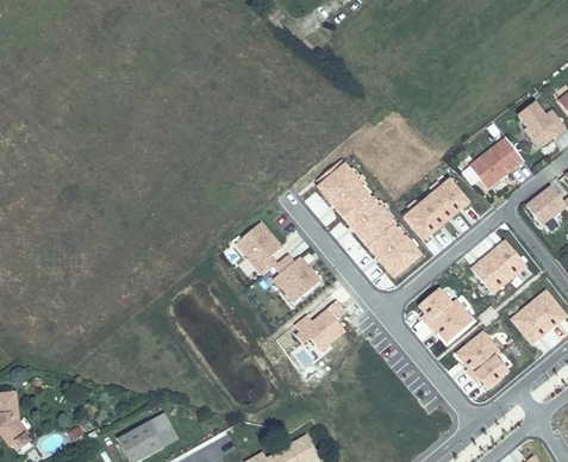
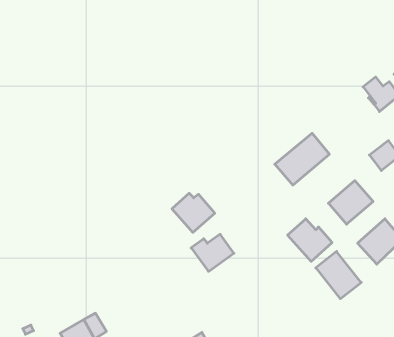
building: [467,136,520,187] -> none
building: [313,157,423,281] -> none
building: [225,220,283,275] -> none

